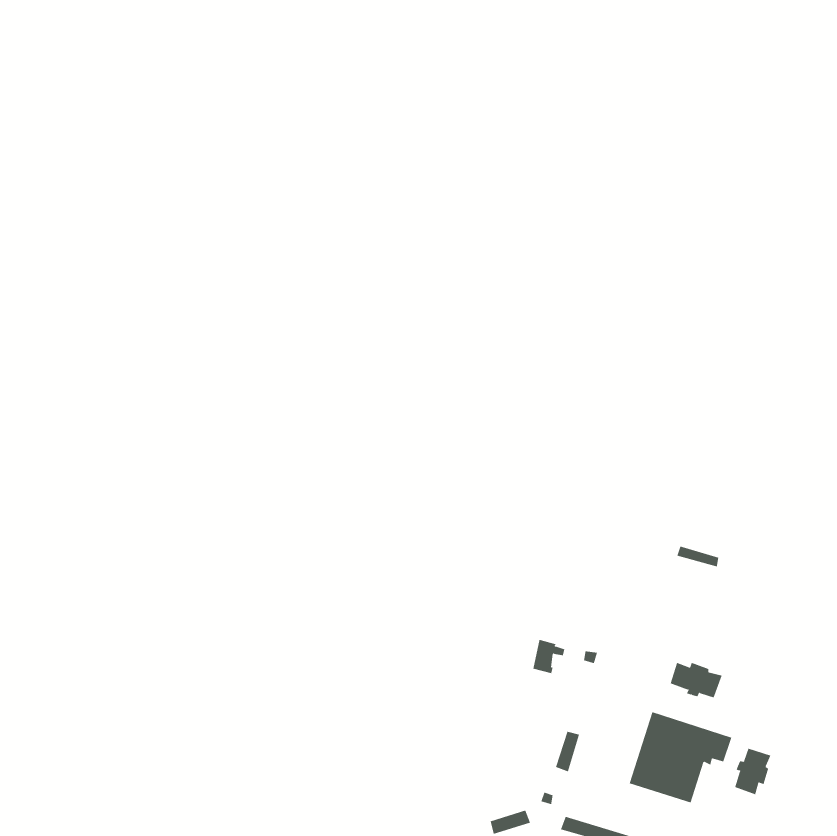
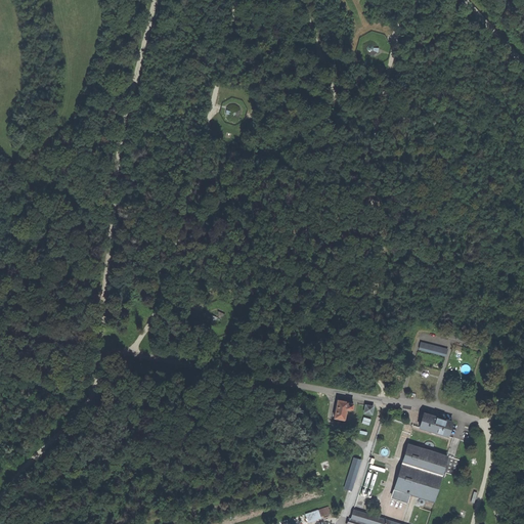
building: [734,748,771,795] -> none

